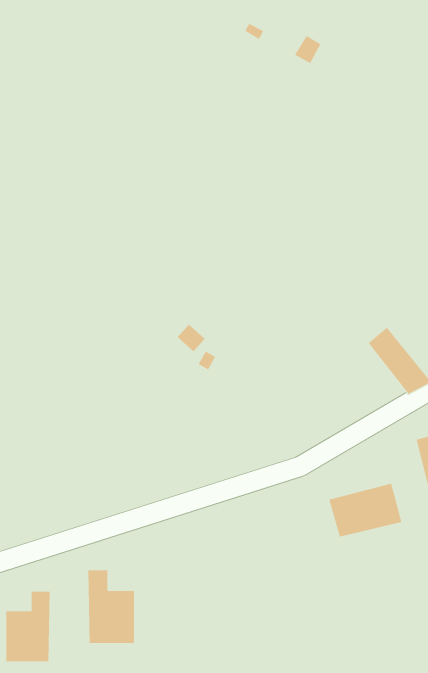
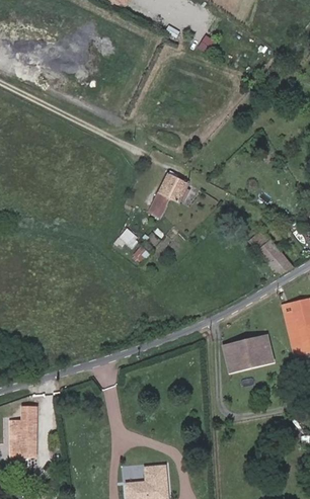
building: none -> [148,171,188,217]
building: [88,570,134,644] -> none

